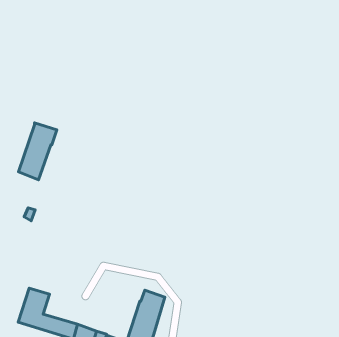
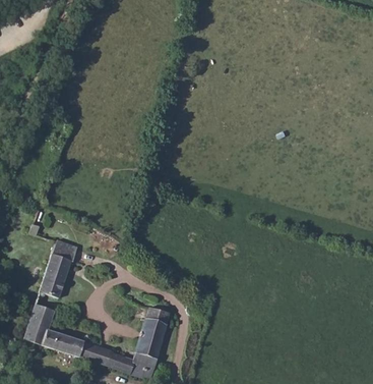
building: [19,123,57,180] -> [39,240,77,298]

